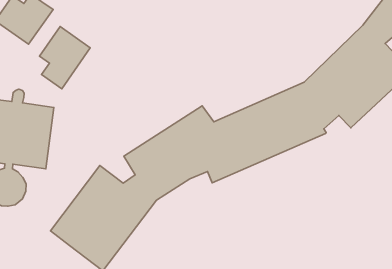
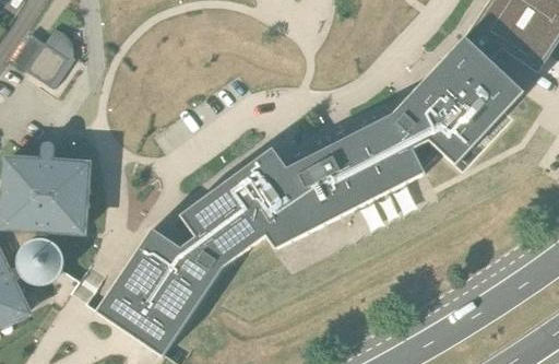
building: [39,27,90,89] -> none

